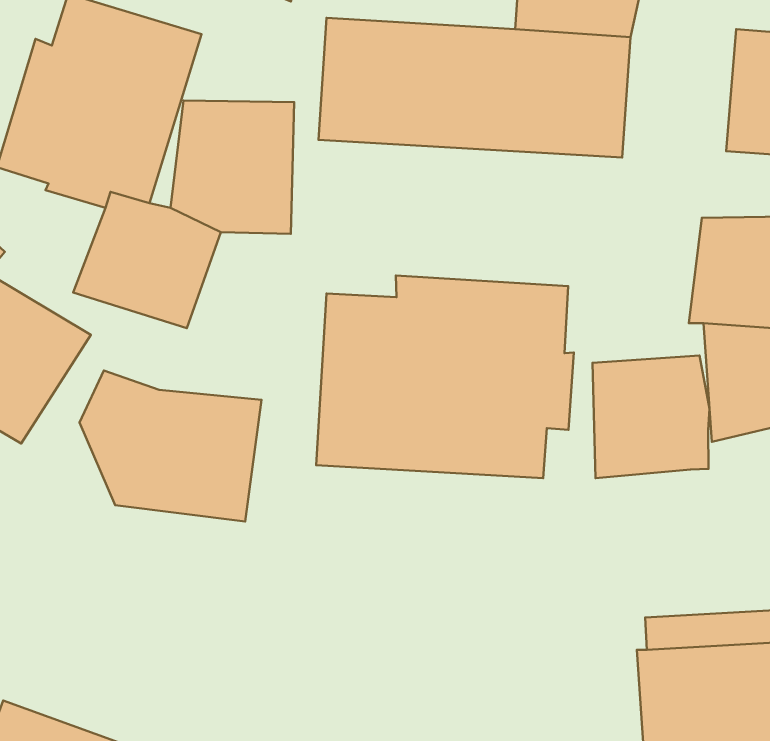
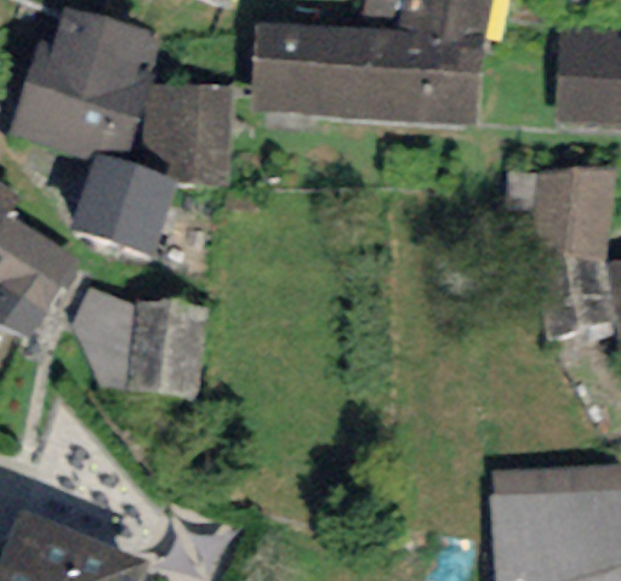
building: [316,276,574,478] -> none
building: [592,355,709,478] -> none

